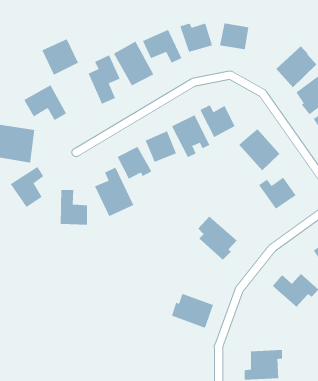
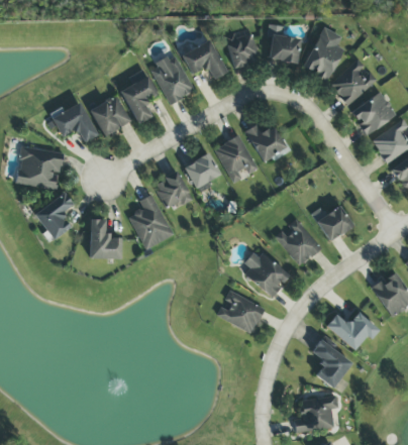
building: none -> [303,26,345,81]
building: [42,38,79,76] -> [90,95,131,136]
building: [238,129,280,171] -> [275,219,321,266]
building: [171,293,214,329] -> [216,293,264,332]
building: none -> [310,339,352,388]

